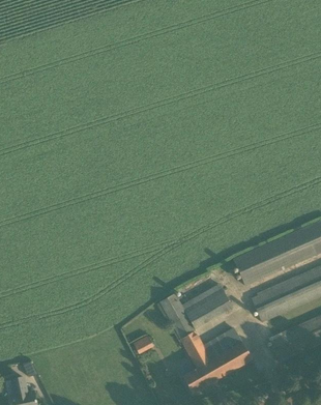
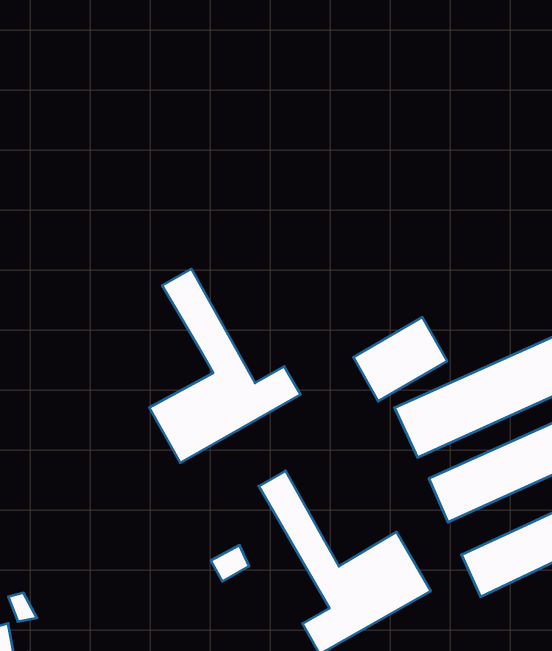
building: none -> [149,269,300,463]
building: [182,283,233,328] -> [353,317,447,401]

